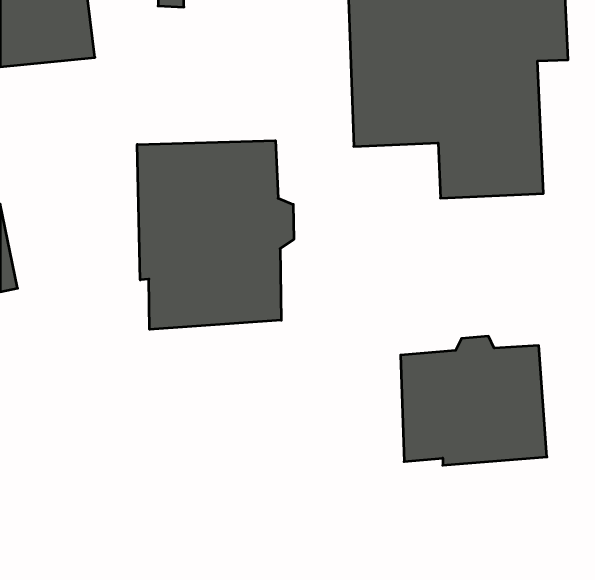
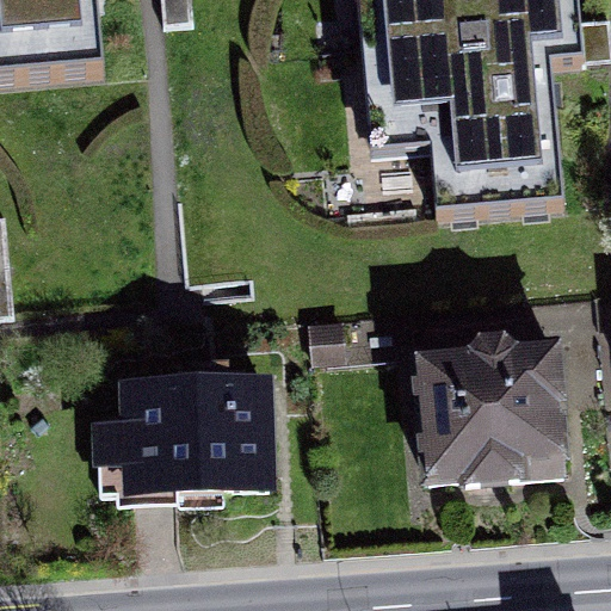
building: [137,141,294,329] -> none
building: none -> [130,372,265,488]

